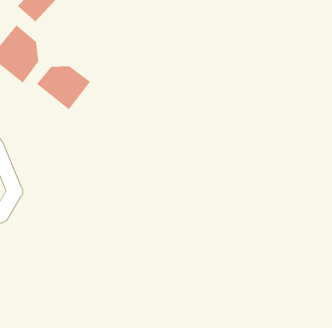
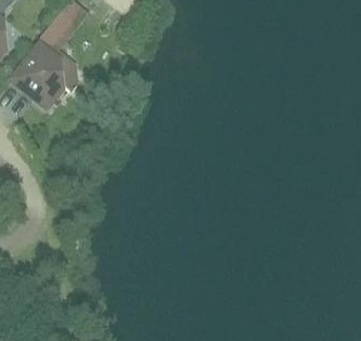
building: [36,65,91,110] -> none

